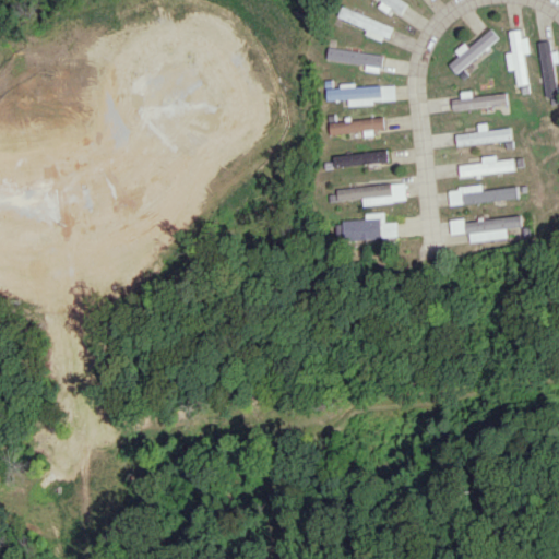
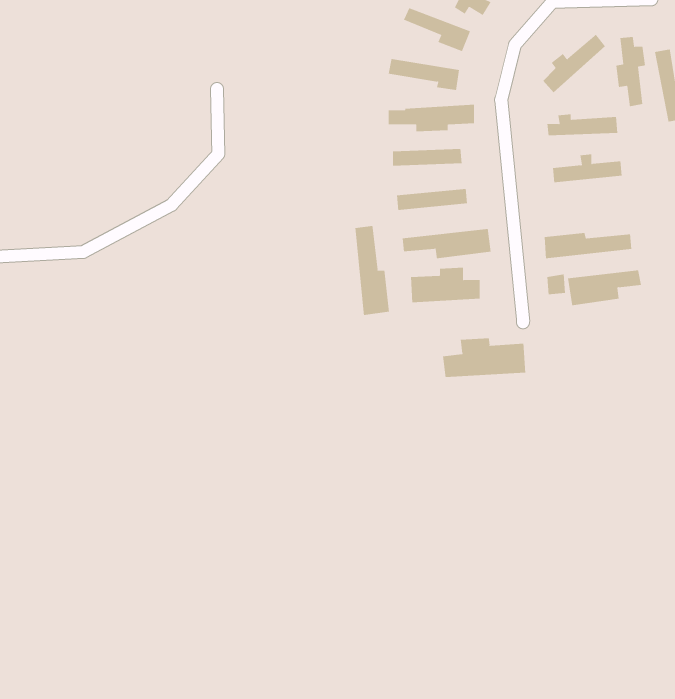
building: [459,155,515,178] -> none
building: none -> [355,225,389,316]
building: none -> [443,337,526,378]

